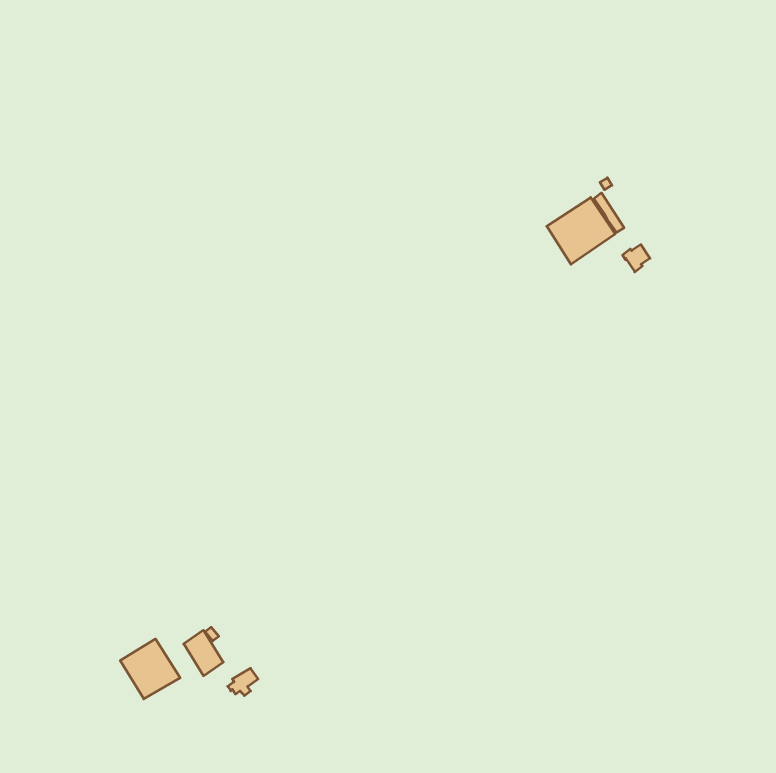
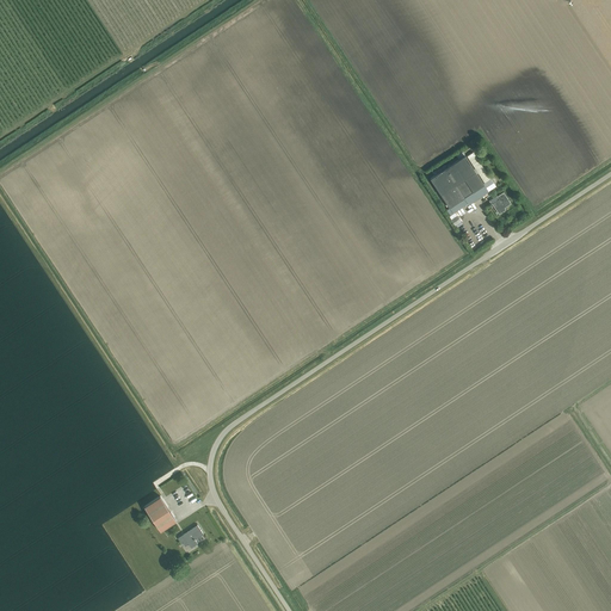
building: [120,639,180,699] -> none

